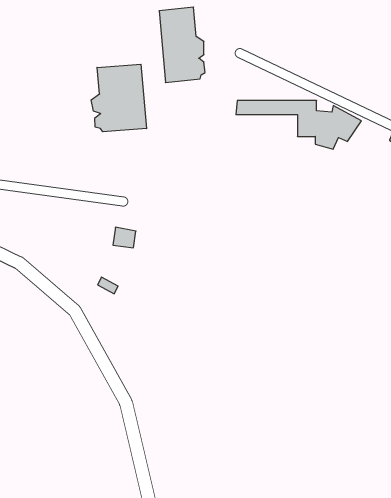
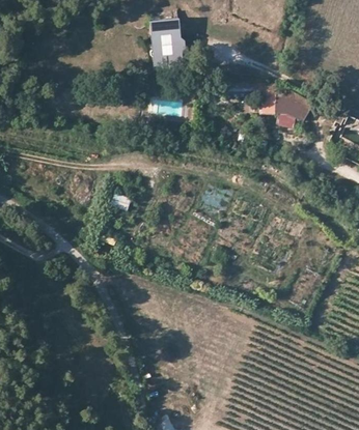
building: [91,64,147,132] -> none

